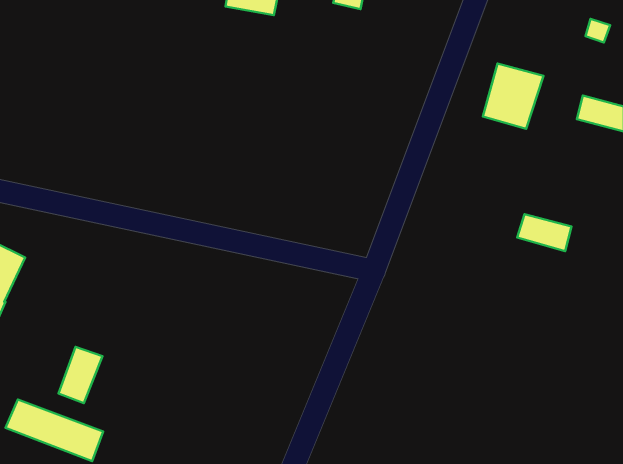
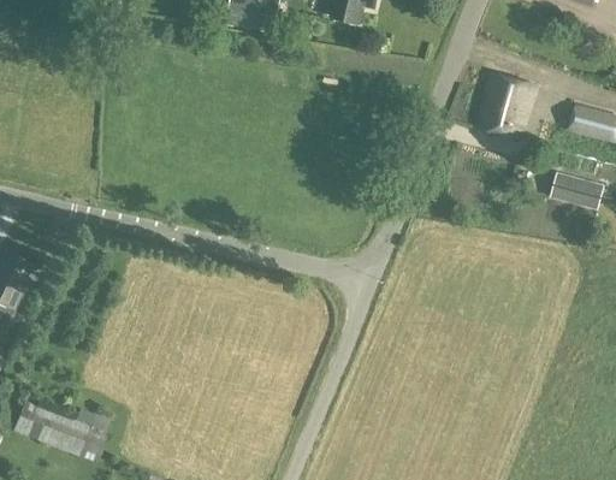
building: [517,214,571,251] -> [549,172,602,208]
building: [59,347,103,403] -> none

